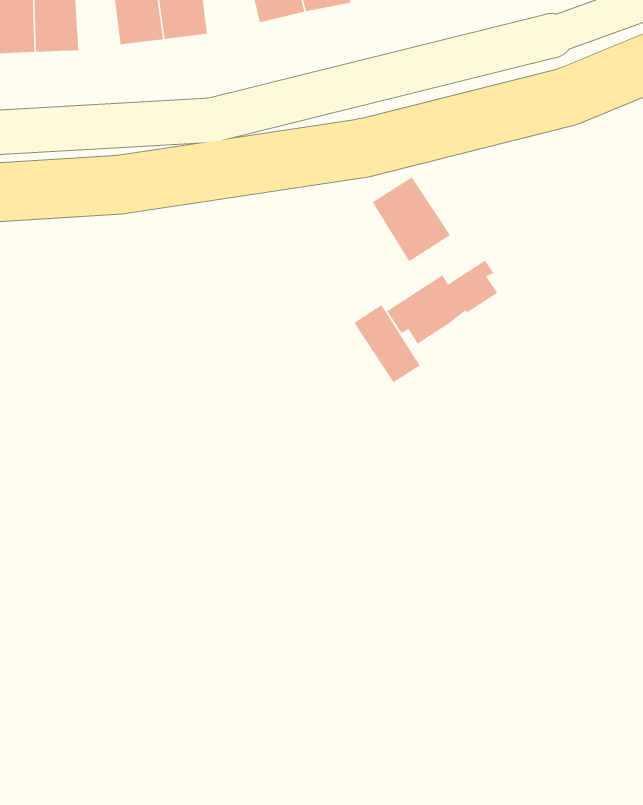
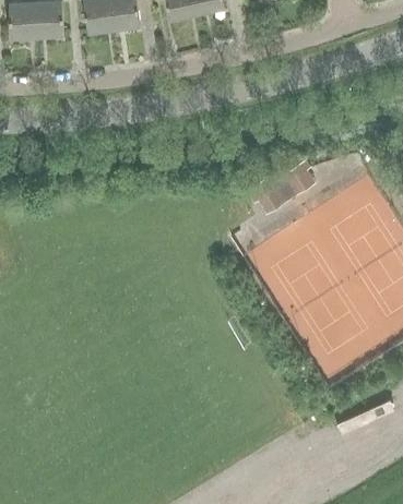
building: [372,176,451,262] -> none
building: [354,304,420,383] -> none

